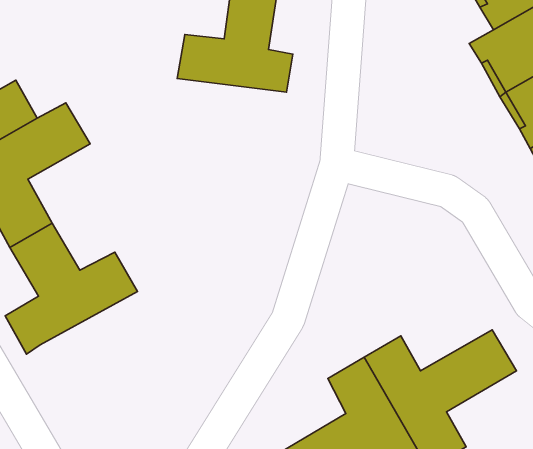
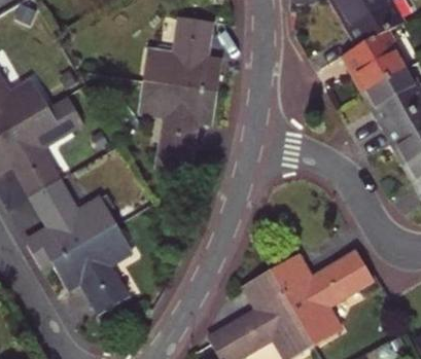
building: none -> [139,80,217,174]
building: none -> [50,224,132,314]

